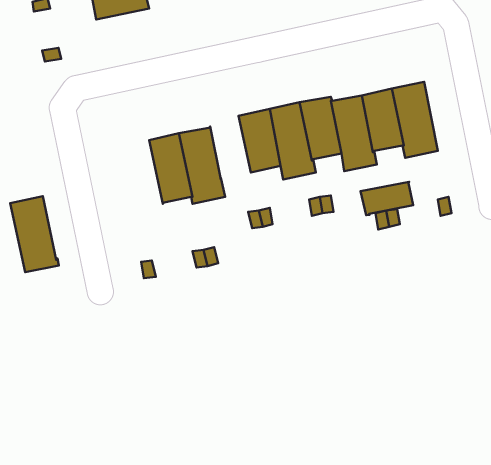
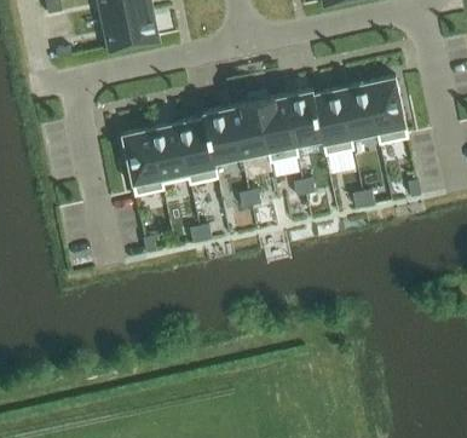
building: none -> [103,12,156,48]
building: none -> [202,108,241,165]
building: [361,182,413,215] -> none
building: [10,196,59,272] -> [121,129,165,197]

